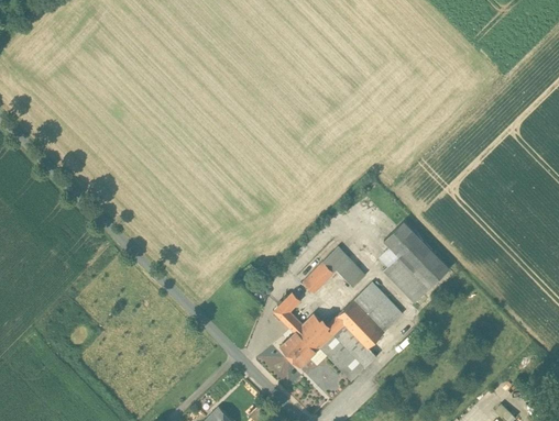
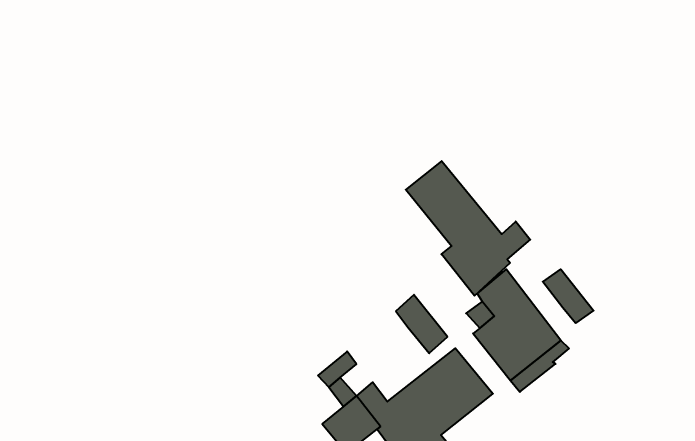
building: none -> [406,161,530,296]
building: none -> [543,269,594,323]
building: [303,259,336,293] -> none

